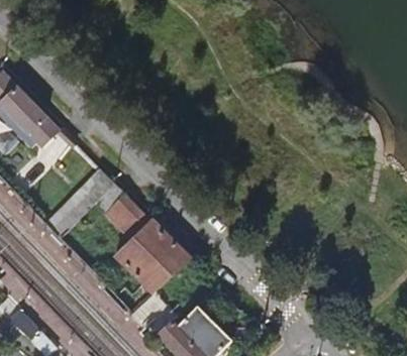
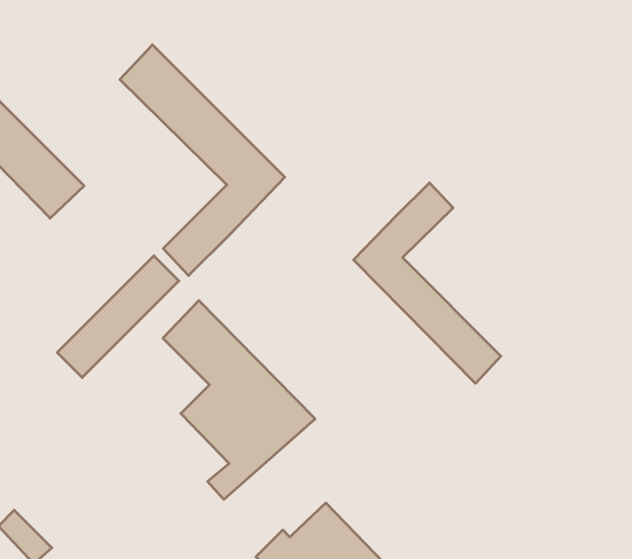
building: none -> [120,45,285,276]
building: none -> [354,183,501,383]

